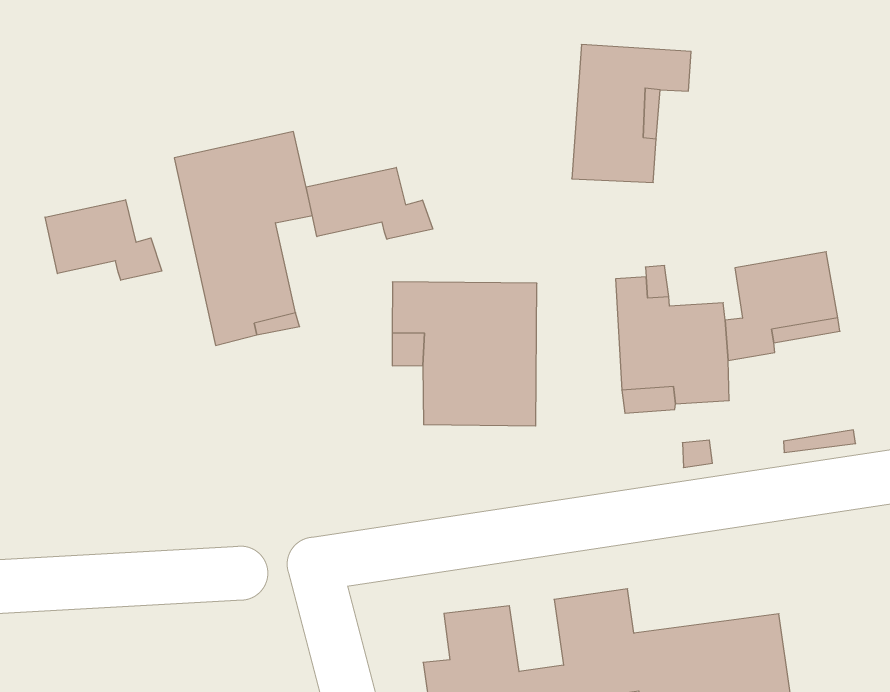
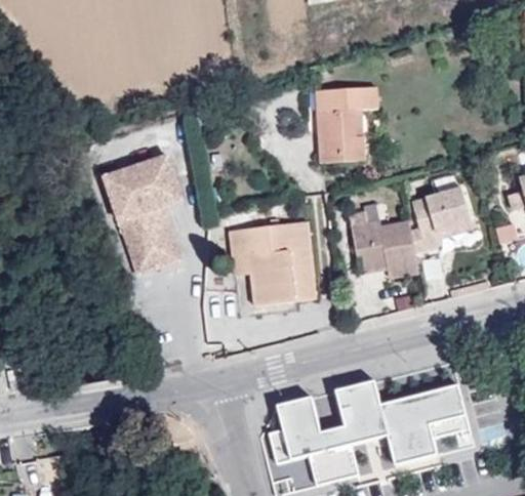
building: [306,167,433,239] -> none
building: [45,200,162,280] -> none

